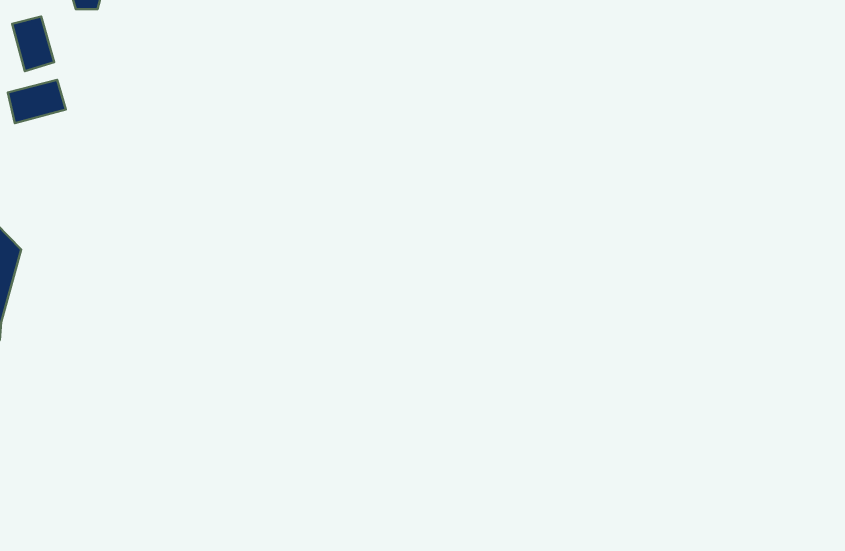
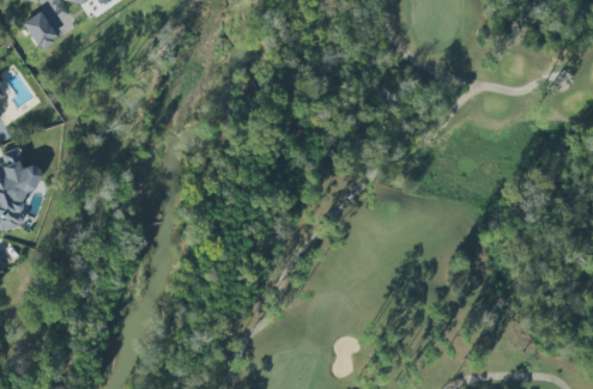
building: [8,80,66,123] -> none

